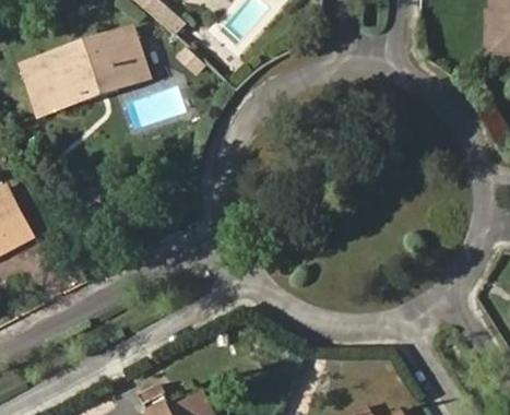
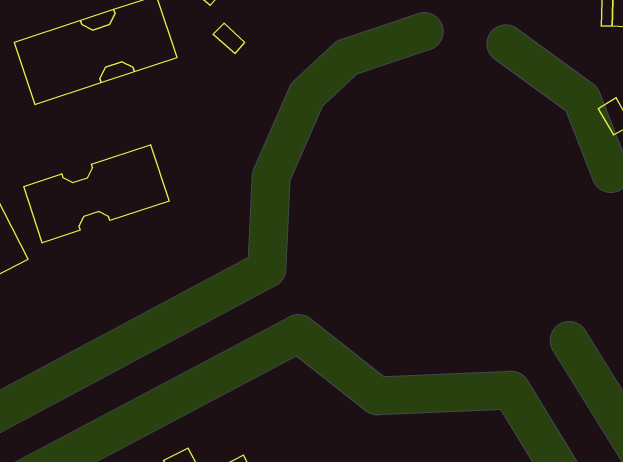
building: none -> [24,145,169,243]

